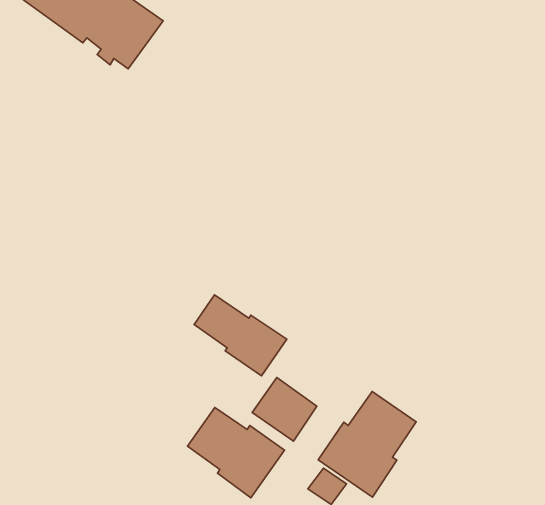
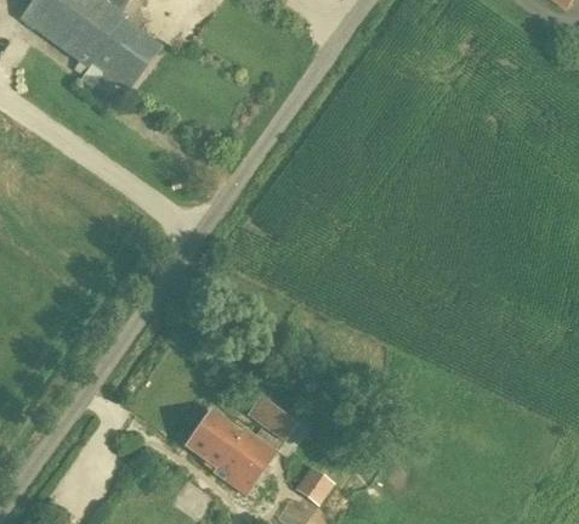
building: [194,295,287,376] -> none
building: [318,392,416,497] -> none

